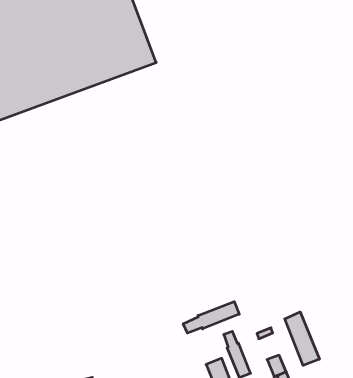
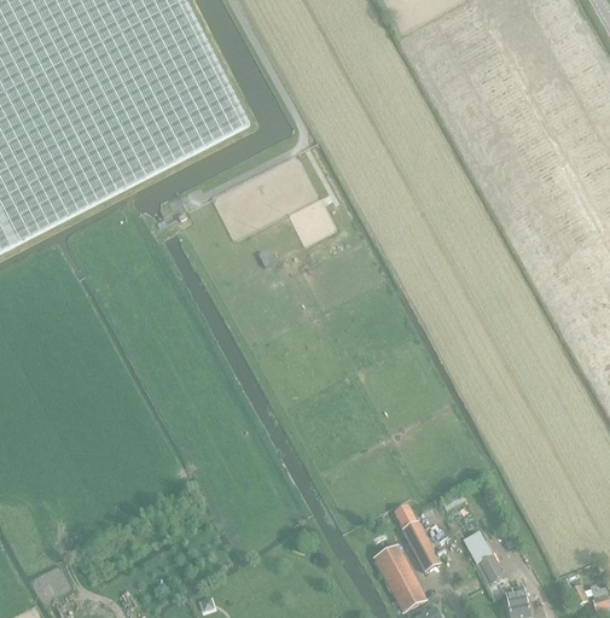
building: [183,302,239,333] -> none
building: [285,312,319,365] -> none

